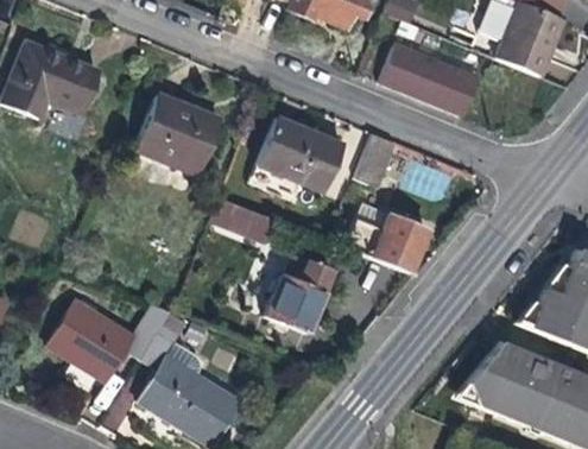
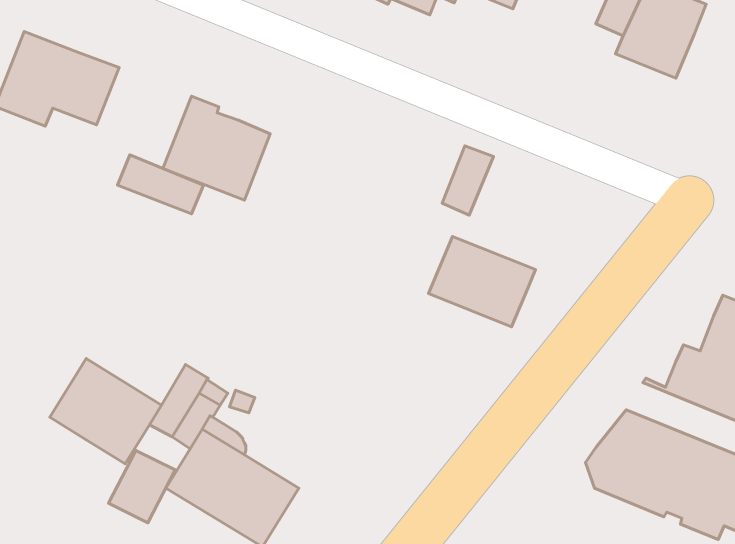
building: [380,43,481,116] -> none
building: [249,115,343,194] -> none
building: [209,196,277,242] -> [118,155,204,214]
building: [266,252,334,333] -> none

